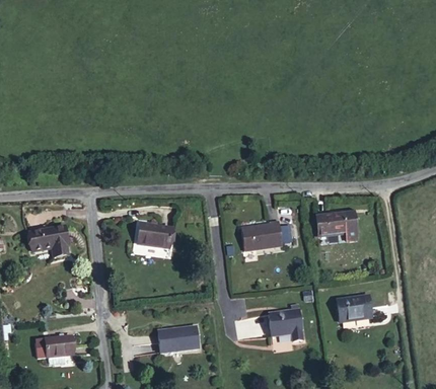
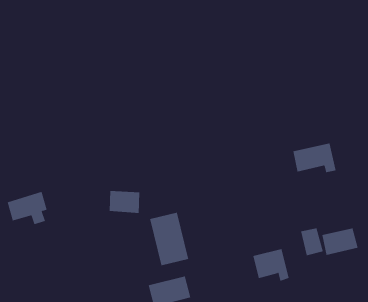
building: [243,221,283,245] -> none
building: none -> [149,212,189,266]
building: none -> [300,227,324,256]

